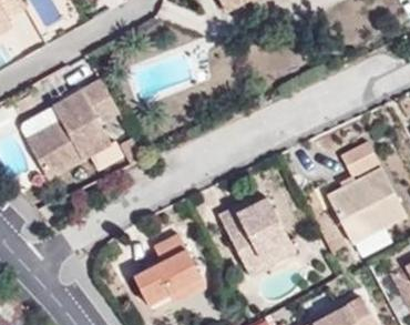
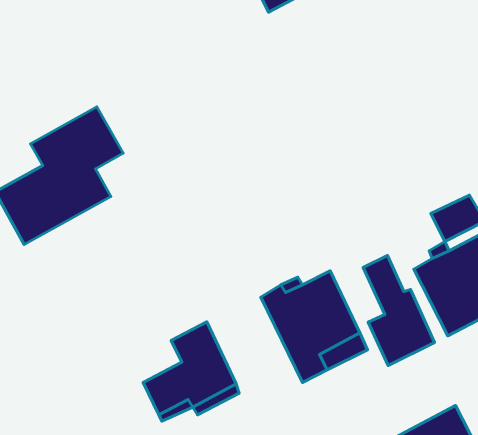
building: none -> [363,256,435,366]

